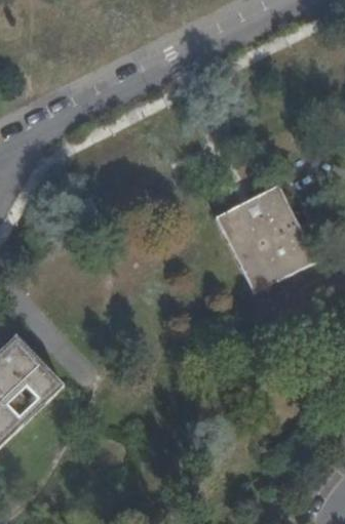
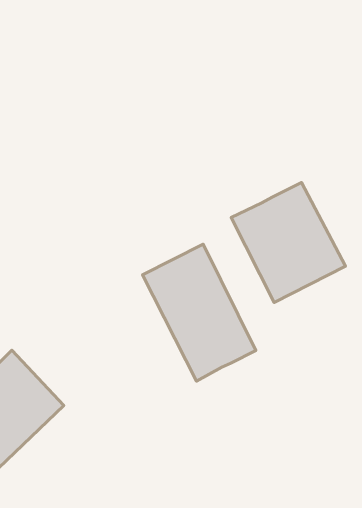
building: none -> [143,244,256,381]

